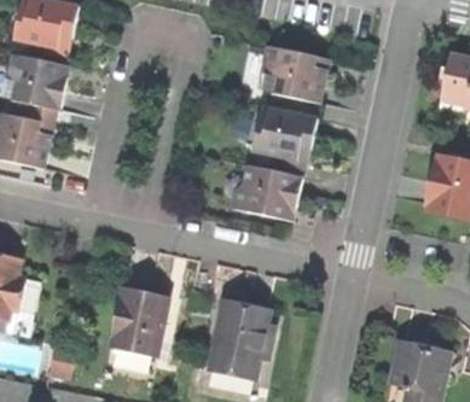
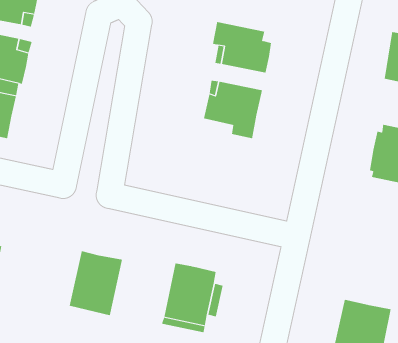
building: [231,163,301,216] -> none

